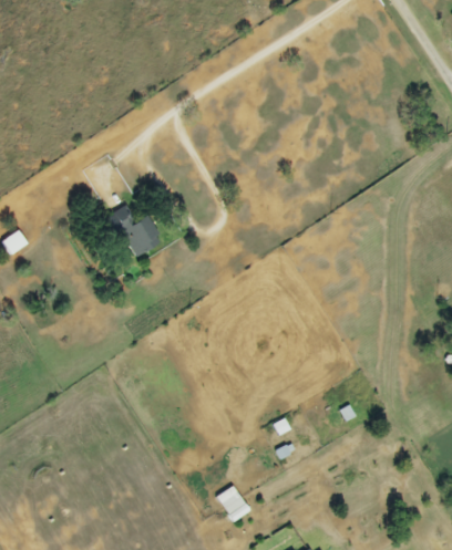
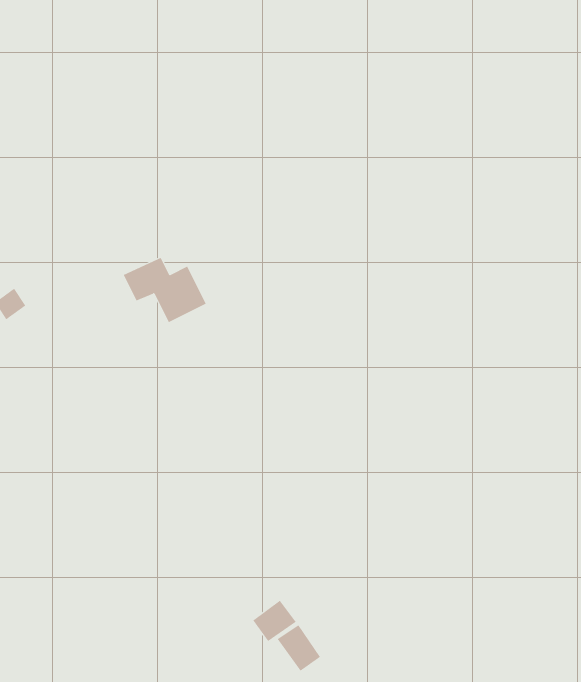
building: none -> [253,600,297,642]

